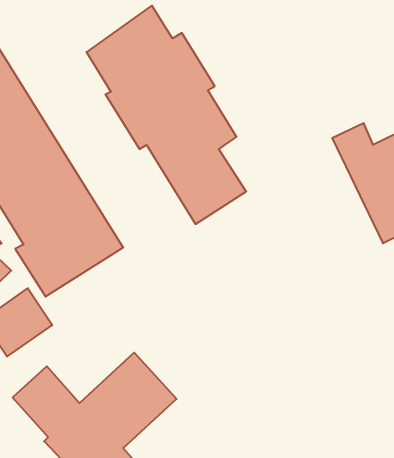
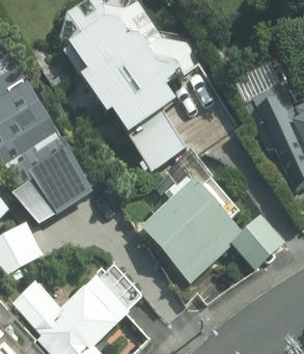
building: none -> [142,167,285,278]

